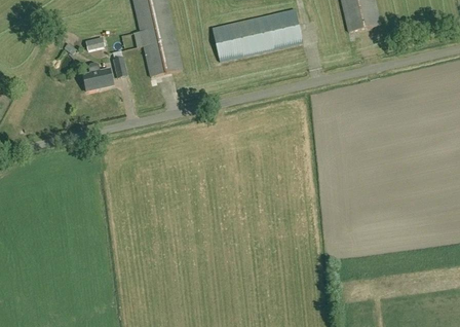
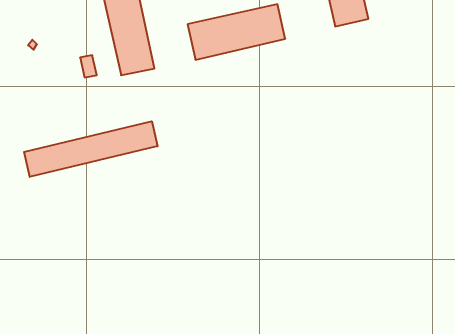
building: [82,63,112,90] -> none
building: none -> [24,121,158,177]

